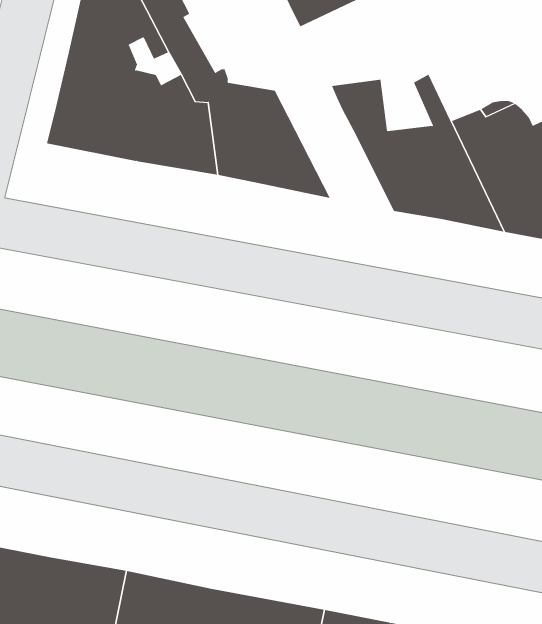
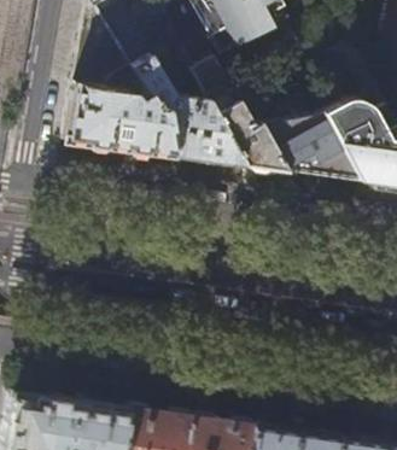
building: none -> [189,60,284,173]

